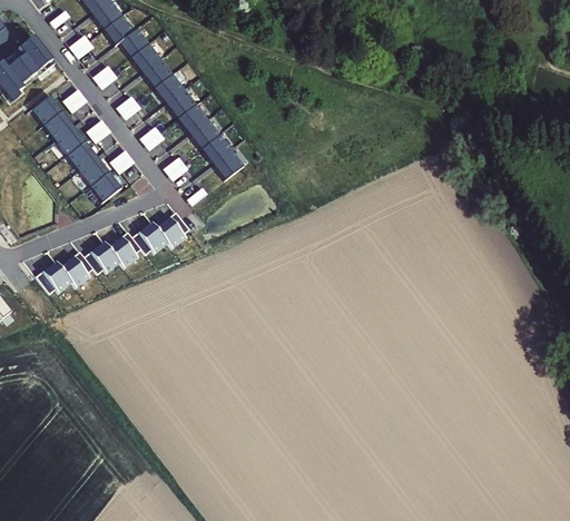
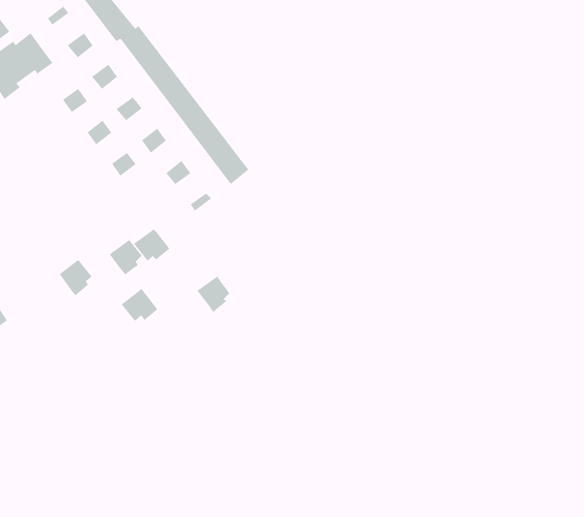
building: [31,95,121,201] -> none
building: [156,213,188,248] -> [197,276,230,313]
building: [83,242,119,274] -> [121,288,158,322]
building: [36,262,71,293] -> none

